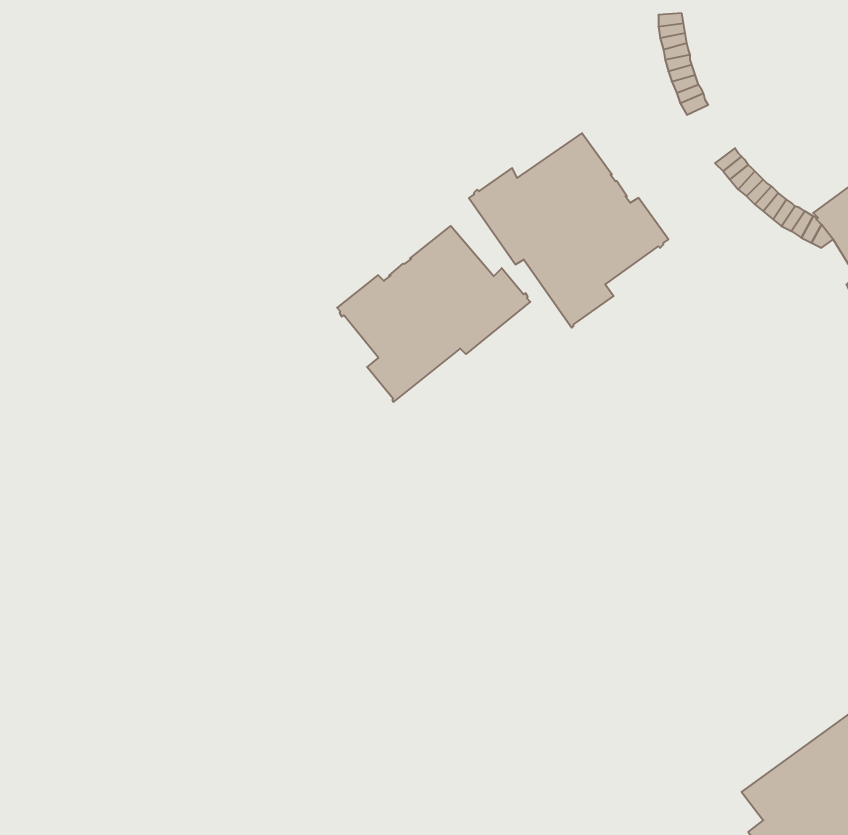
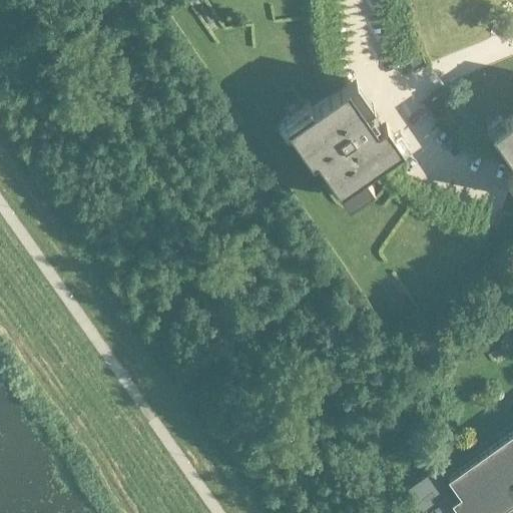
building: [337,226,530,402] -> none

